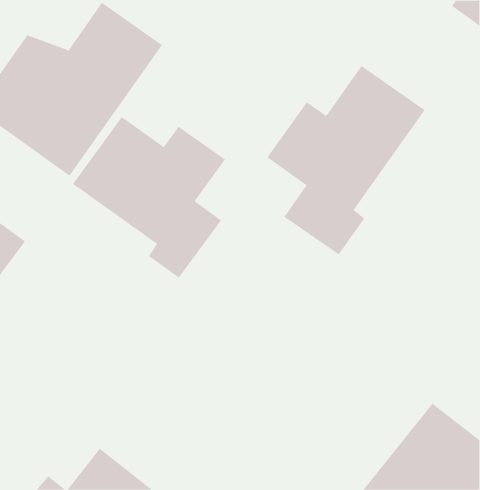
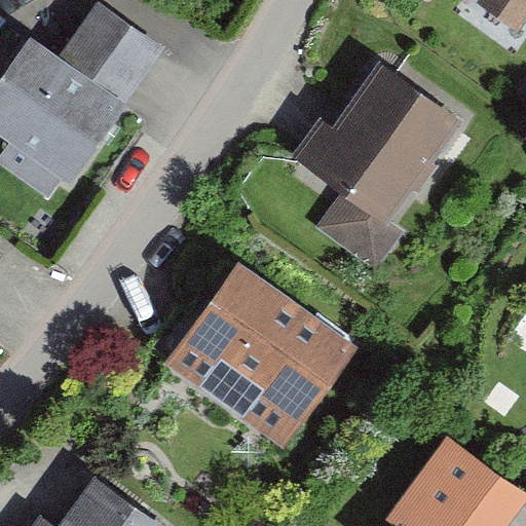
building: [72,116,226,278] -> none
building: none -> [153,259,350,451]

